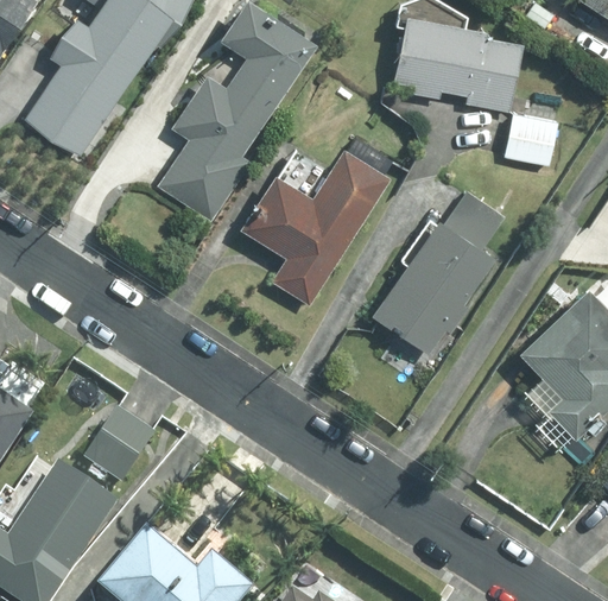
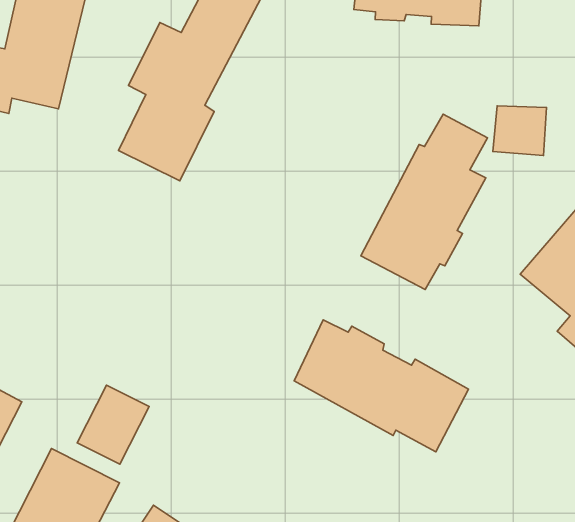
building: [502,114,558,166] -> [493,106,546,156]
building: [240,141,392,306] -> none
building: none -> [294,320,469,452]

